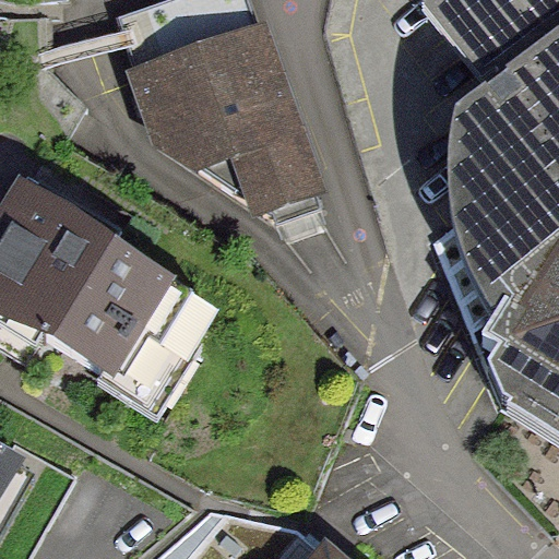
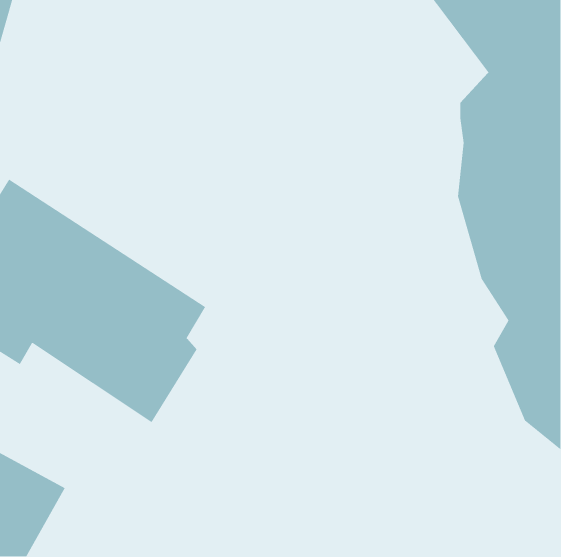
building: [140,12,341,207] -> none

